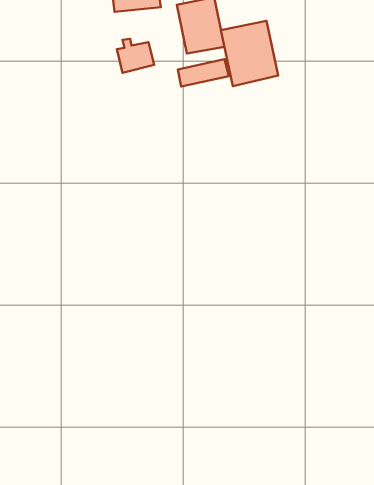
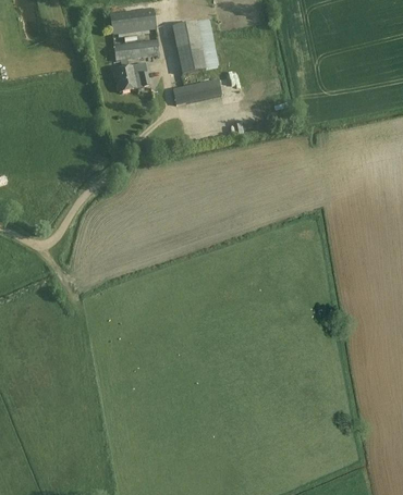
building: none -> [113,39,160,60]
building: [221,21,278,86] -> none

